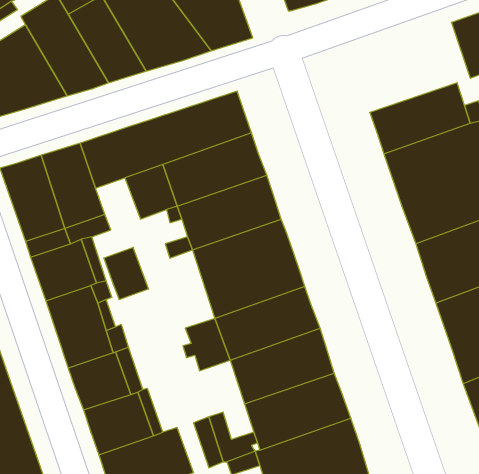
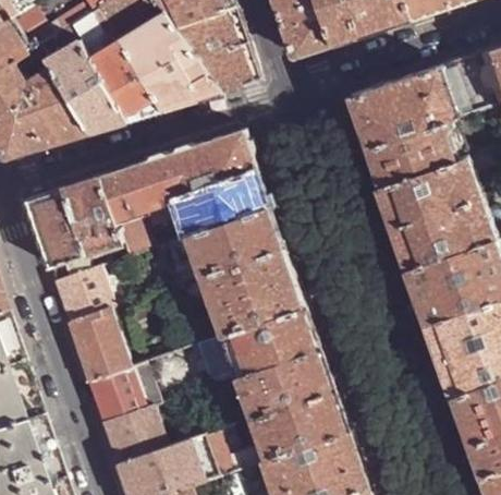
building: none -> [347,67,457,149]
building: [104,247,149,300] -> [112,209,154,257]

